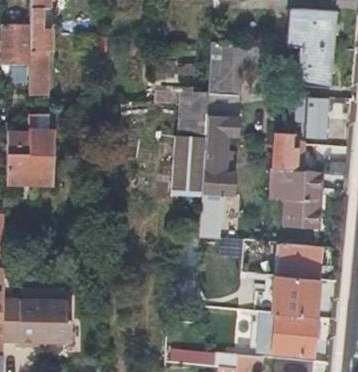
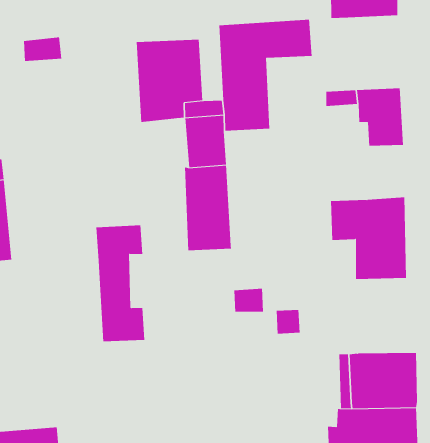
building: [295,47,332,87] -> none
building: [202,114,237,194] -> [96,225,145,342]
building: [272,133,298,171] -> none
building: [279,243,322,278] -> none

